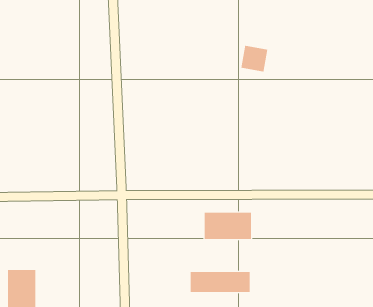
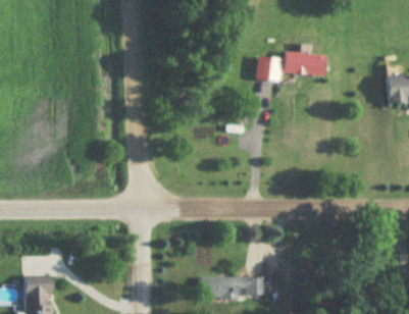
building: none -> [284,52,325,74]
building: [204,212,251,240] -> none

